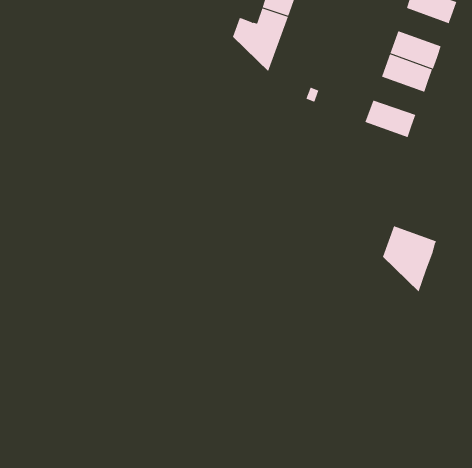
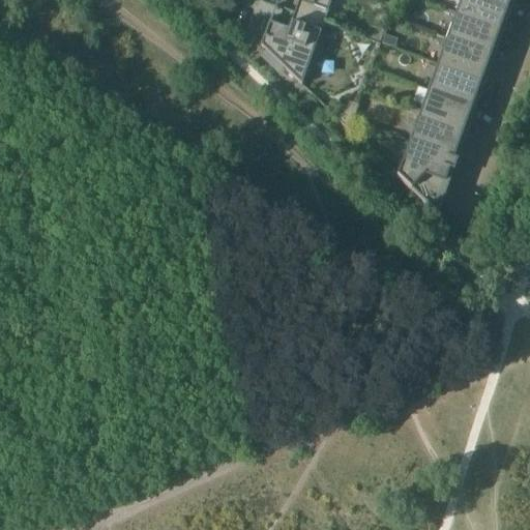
building: none -> [445,9,503,52]
building: none -> [417,86,475,128]
building: [382,225,437,292] -> [395,137,457,211]

